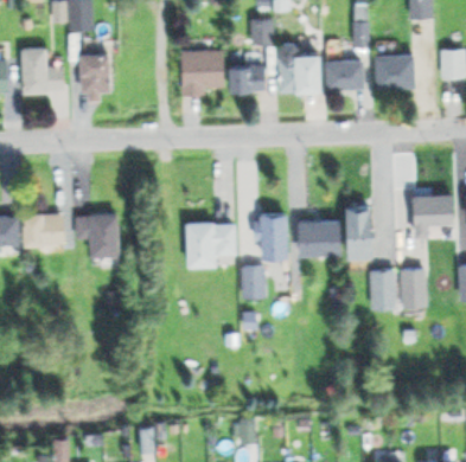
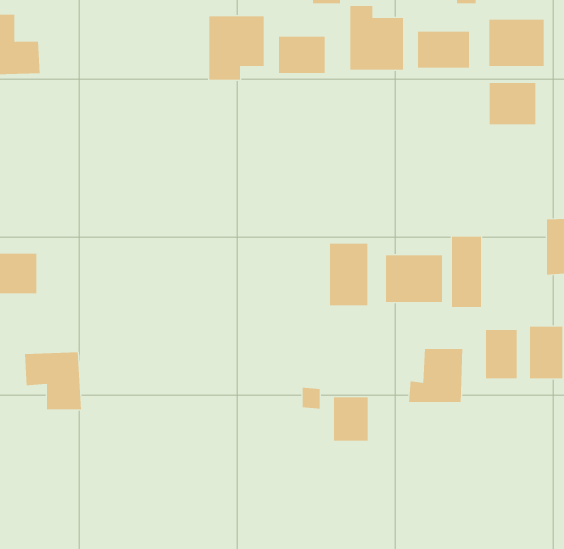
building: [79,57,106,103] -> none
building: none -> [489,82,536,125]
building: [75,216,115,256] -> [24,352,82,410]
building: [185,223,237,264] -> none
building: [244,264,269,295] -> [333,397,369,441]
building: none -> [408,348,463,403]

